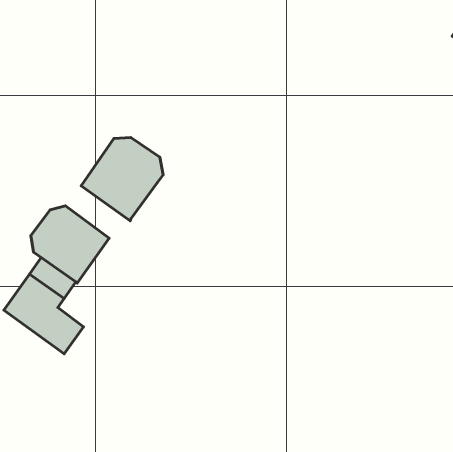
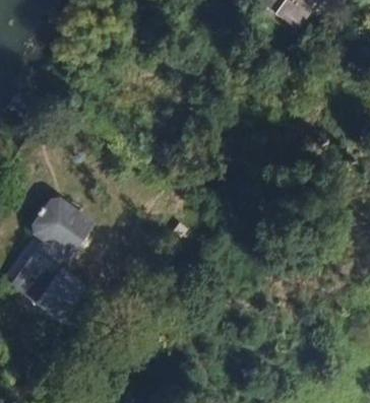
building: [81,137,163,221] -> none

